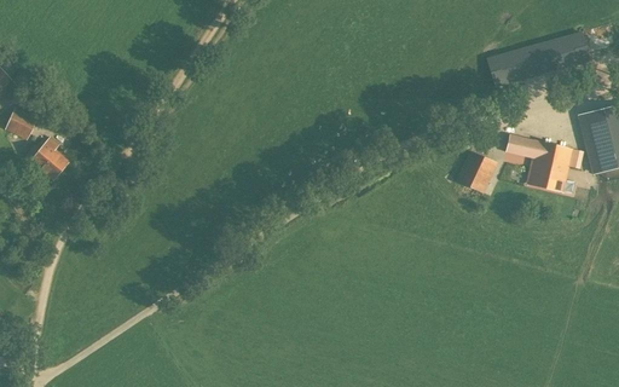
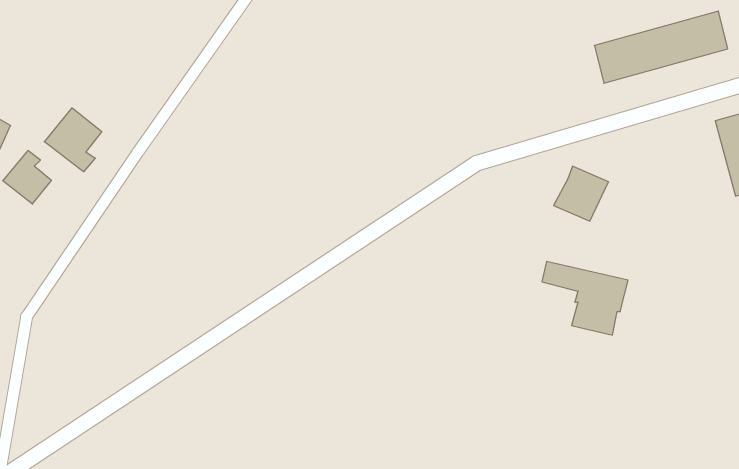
building: none -> [44,108,102,172]
building: [507,134,573,191] -> [542,261,628,335]

